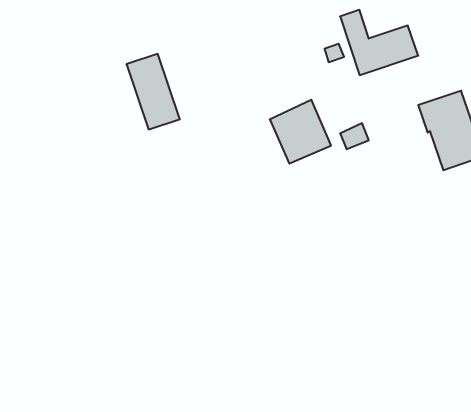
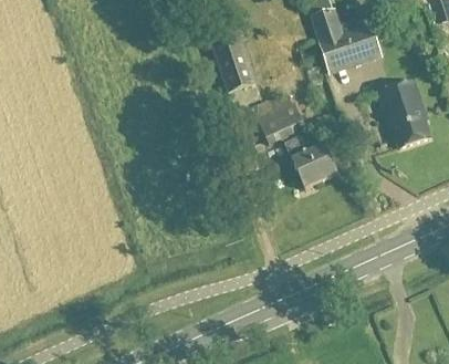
building: [126,54,180,129] -> [210,28,255,92]
building: none -> [284,134,338,188]

